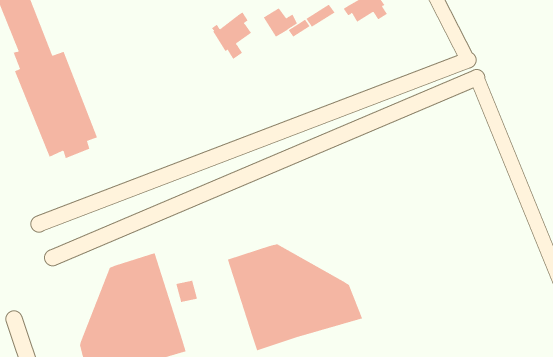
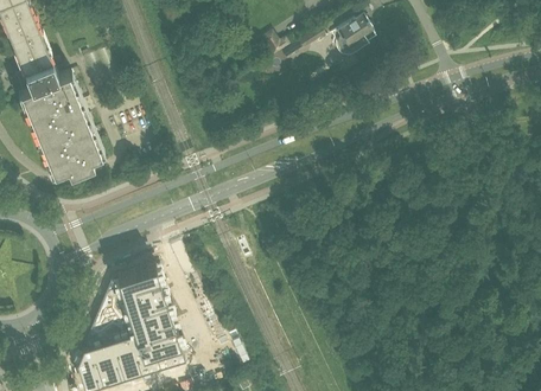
building: [211,12,252,60] -> none
building: [227,243,363,351] -> none

